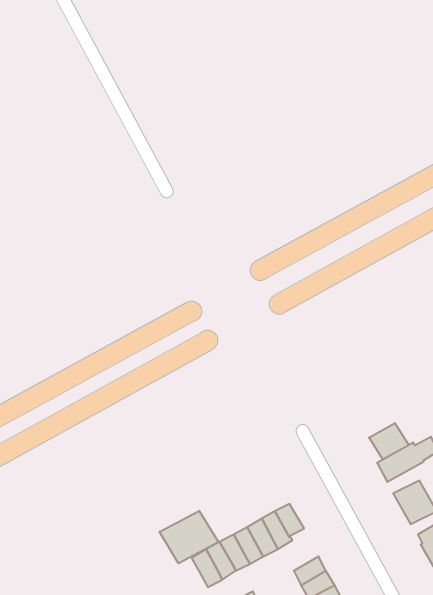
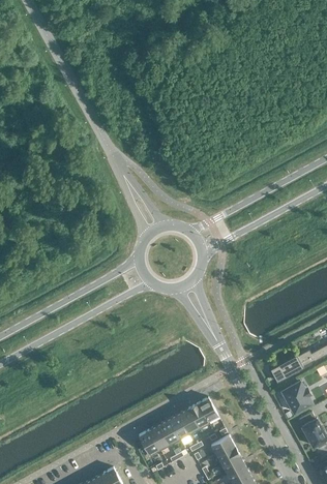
building: [369,423,409,460] -> none
building: [159,511,218,563] -> none

